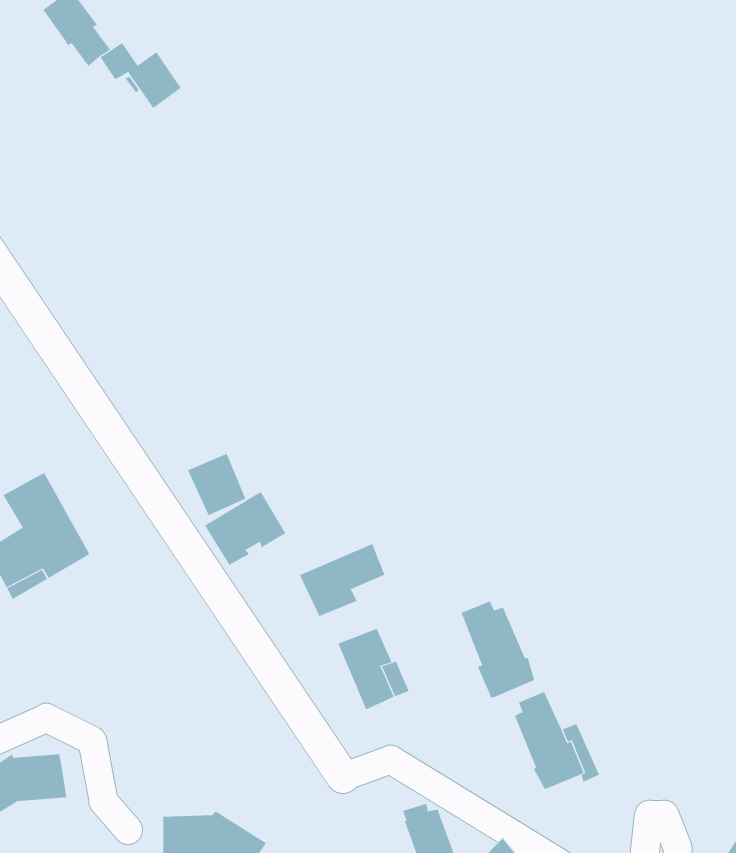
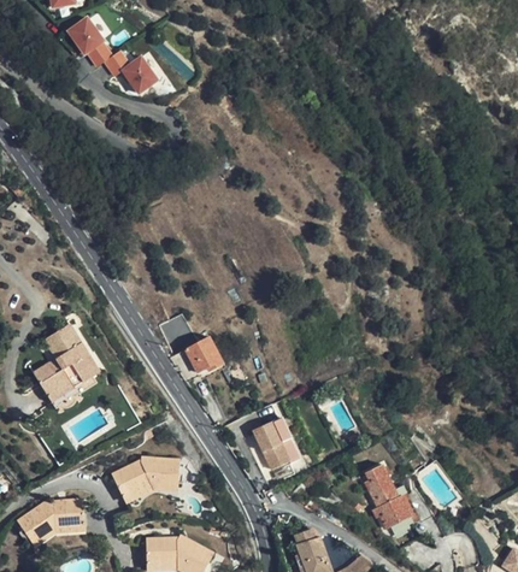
building: [299,543,385,617] -> none
building: [461,601,535,699] -> none
building: none -> [112,458,177,501]

